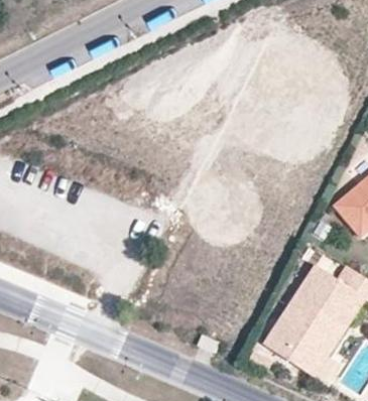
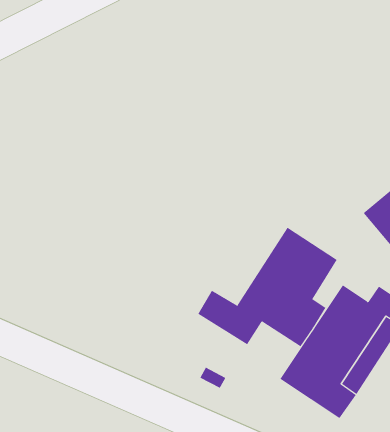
building: none -> [197,227,337,347]

